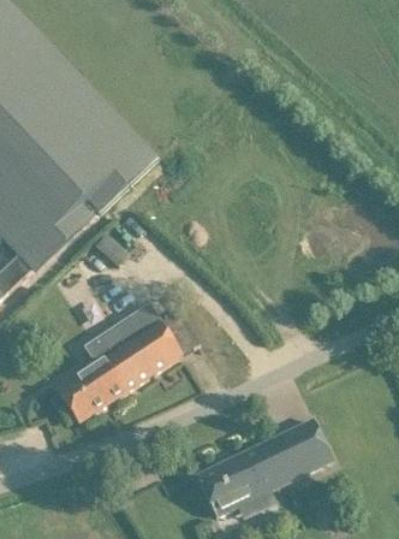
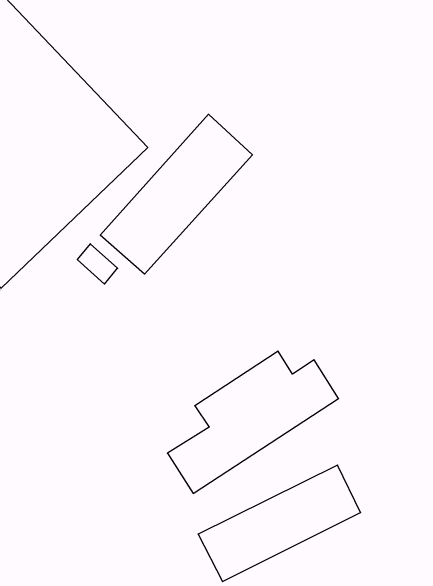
building: none -> [100,114,252,274]
building: [54,304,197,424] -> [167,351,339,493]

